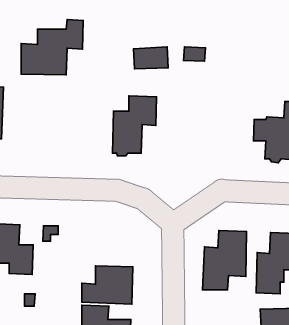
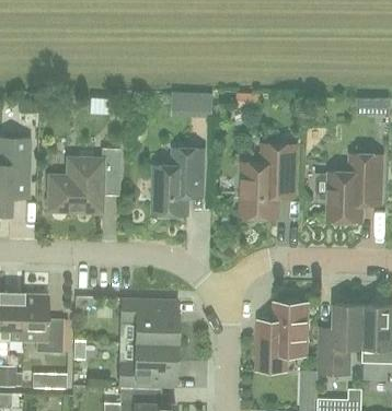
building: [21,20,83,75] -> [48,148,119,211]
building: none -> [241,143,295,216]
building: none -> [119,298,177,343]

